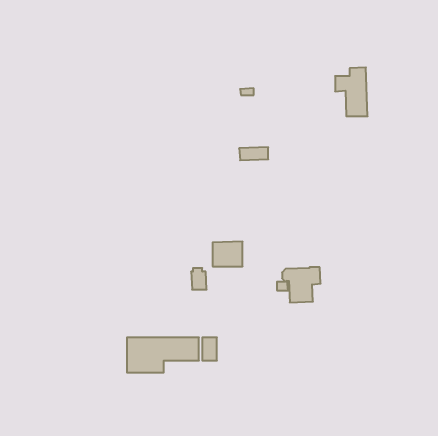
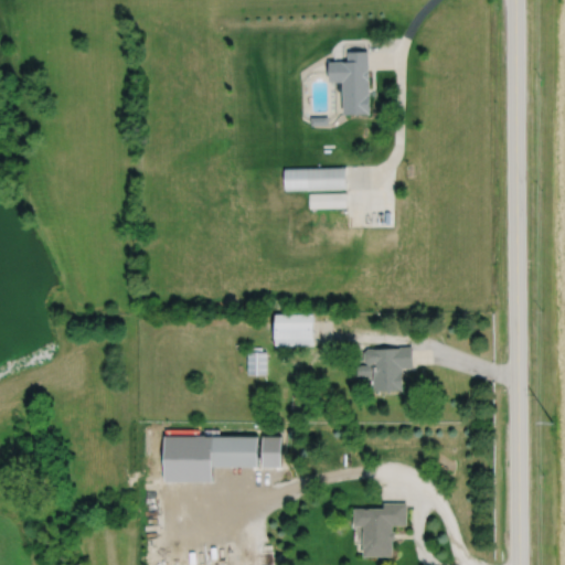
building: [335,67,368,116] -> [328,50,370,113]
building: none -> [284,167,345,191]
building: none -> [353,503,406,557]

